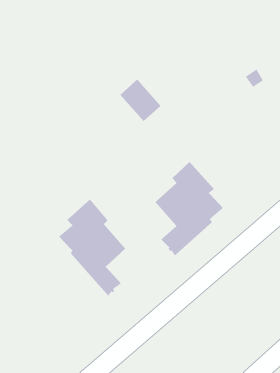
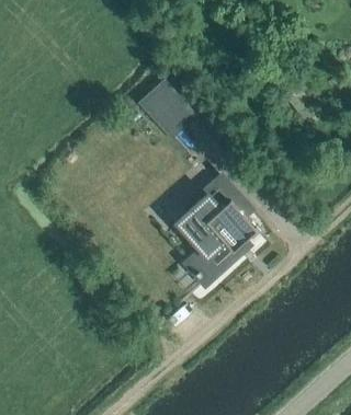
building: [58,199,126,297] -> none

